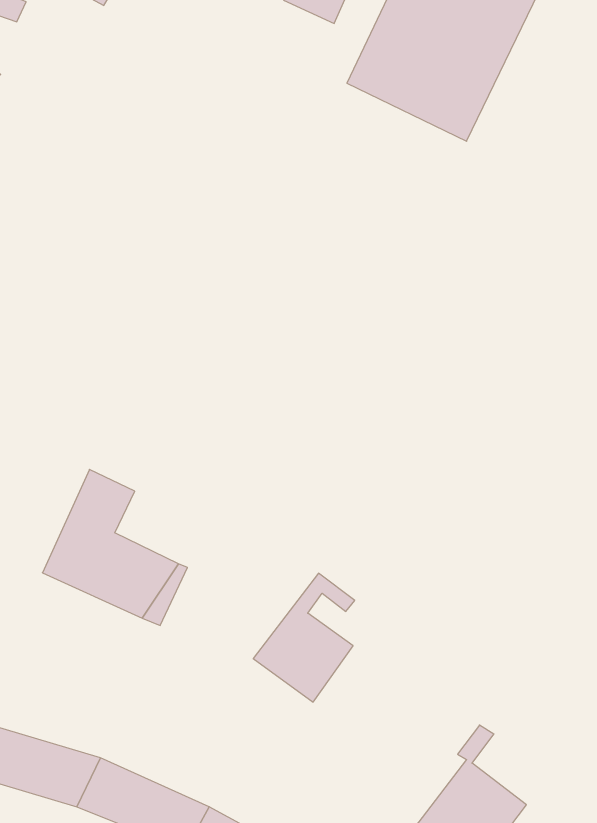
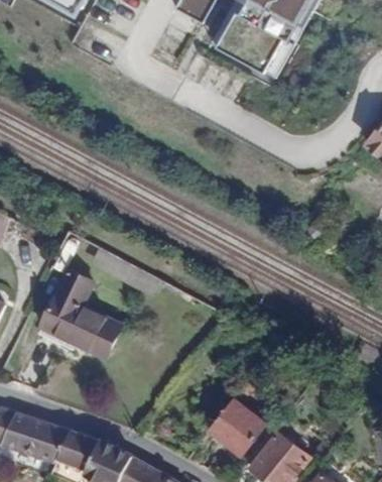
building: [253,573,355,702] -> [209,381,265,453]

